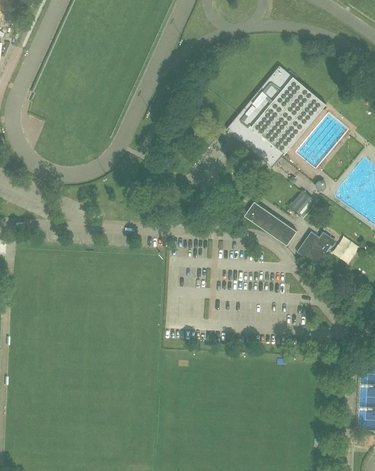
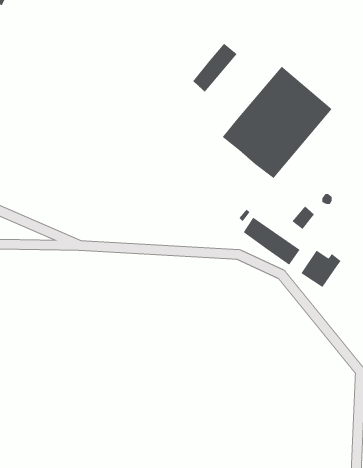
building: none -> [192,43,238,93]

